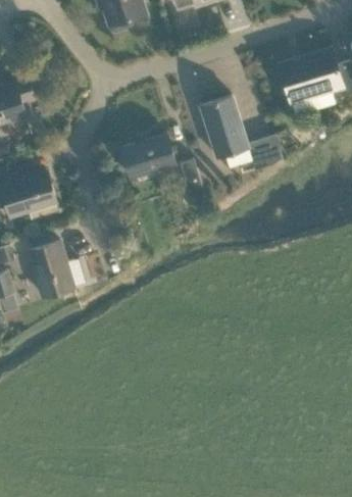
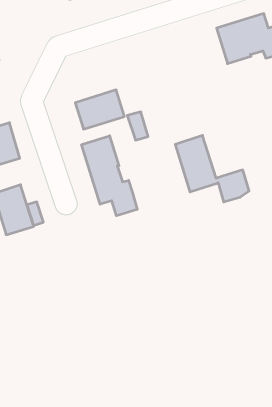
building: [201,95,284,169] -> [175,135,249,202]
building: none -> [82,136,137,216]

